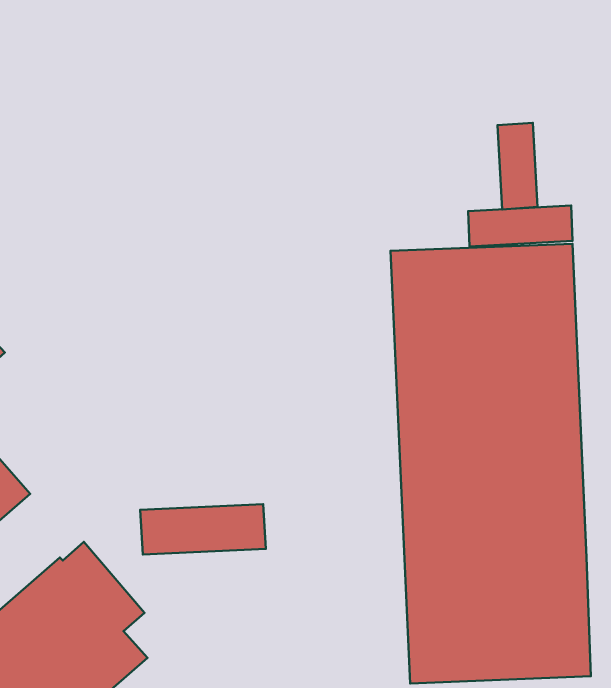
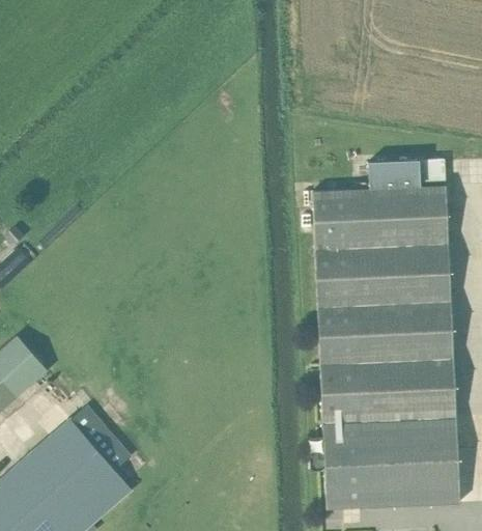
building: [497,123,538,209] -> none
building: [140,504,266,554] -> none

